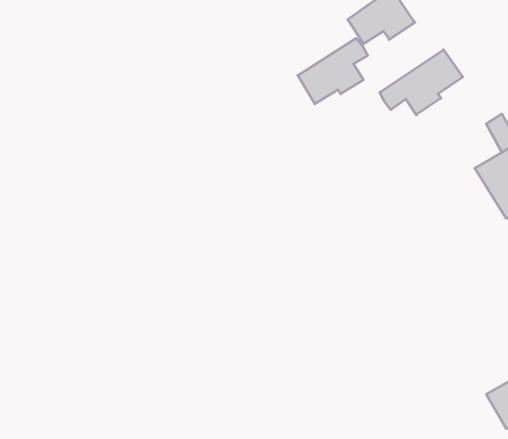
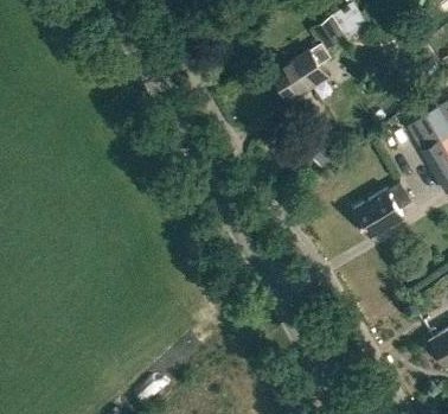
building: [380,50,463,115] -> none
building: none -> [353,184,410,238]

